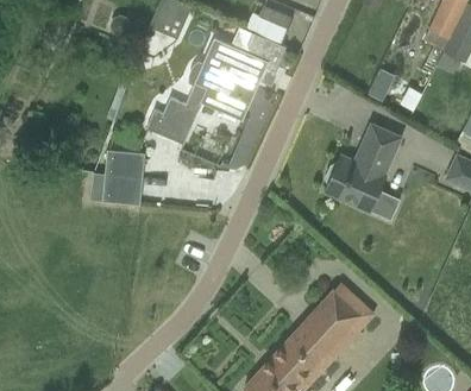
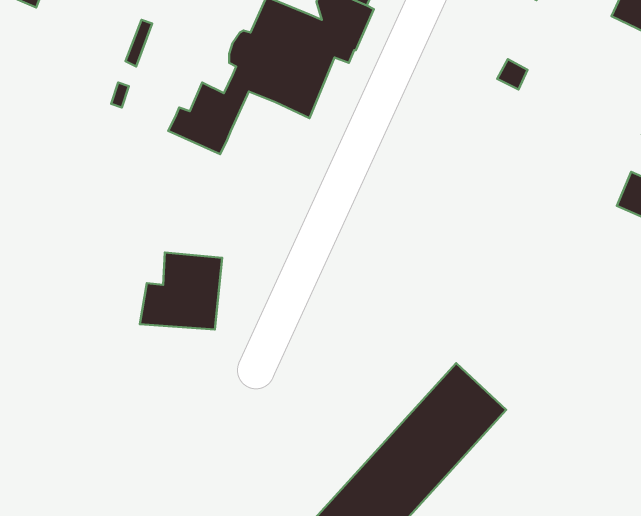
building: [324,124,402,213] -> none
building: [89,152,144,203] -> [140,253,222,330]

